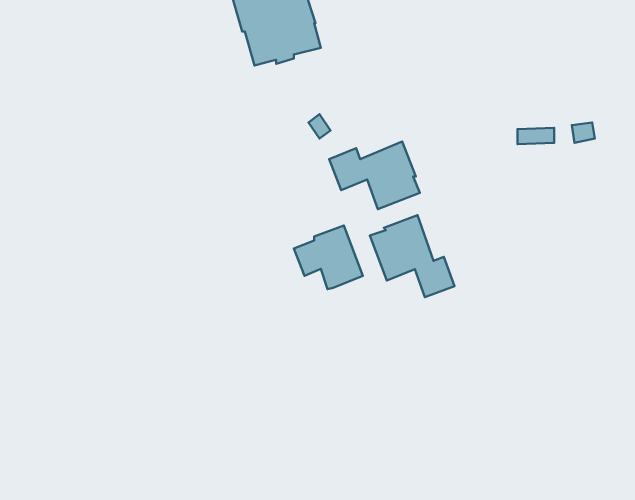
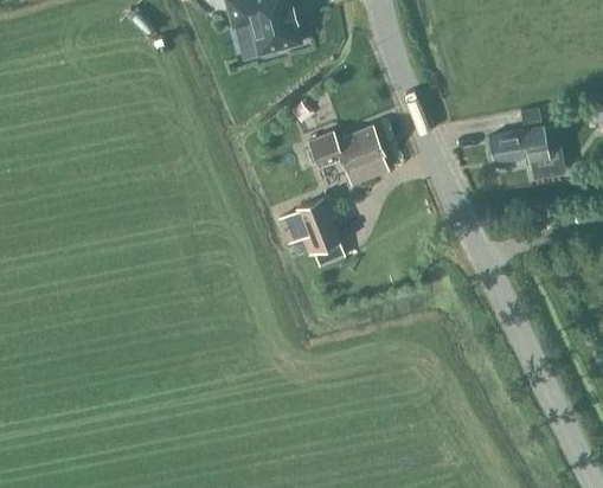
building: none -> [488,127,565,179]
building: [370,215,455,297] -> none

